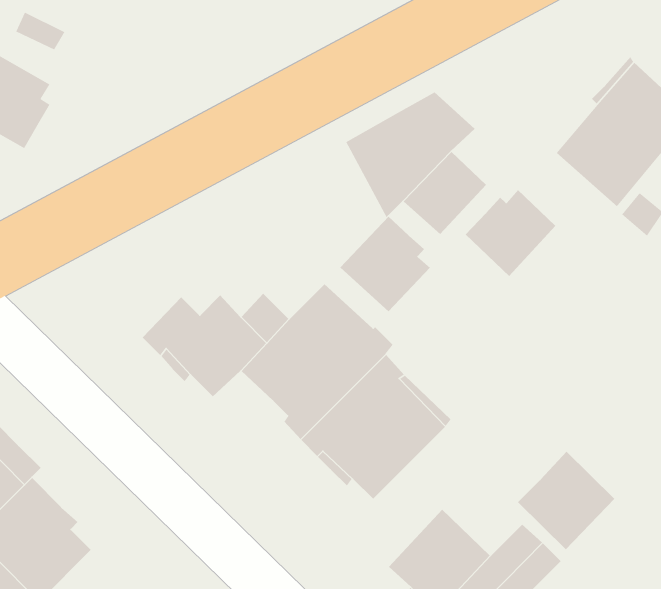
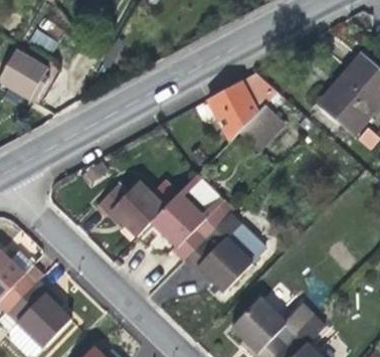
building: [465,189,556,277] -> none
building: [340,216,431,312] -> none
building: [517,451,615,550] -> none

